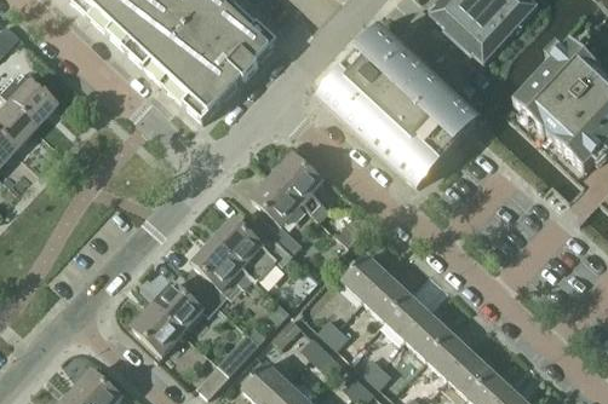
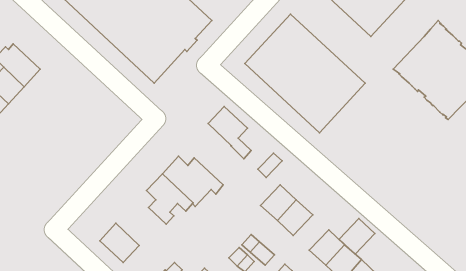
building: [252,174,303,254] -> none
building: [153,282,218,333] -> none
building: [383,293,429,339] -> [339,219,375,254]

